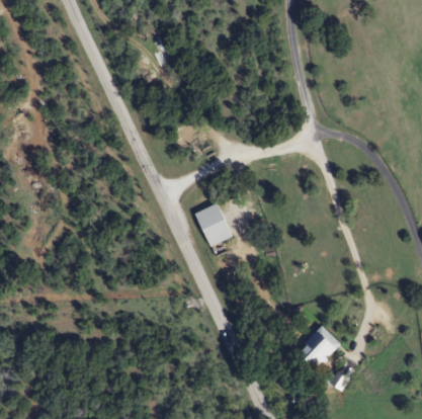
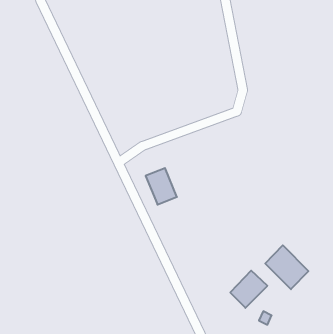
building: none -> [265,245,308,289]

